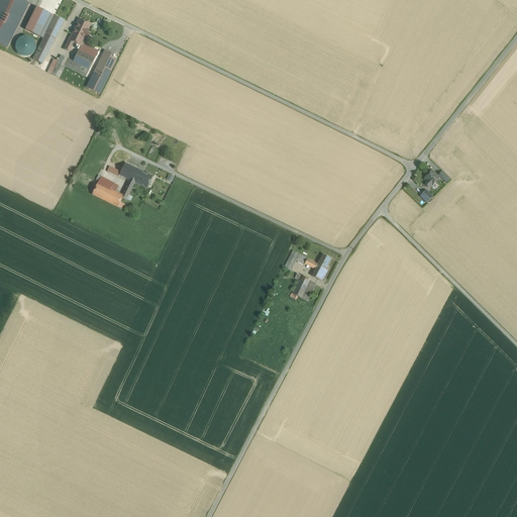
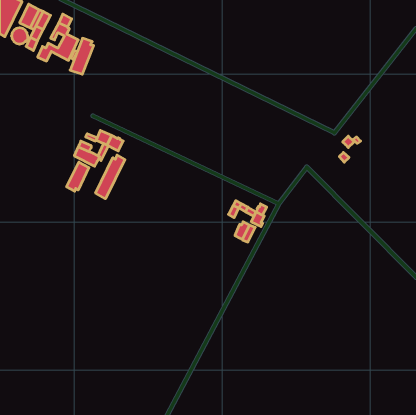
building: none -> [96,155,125,199]
building: none -> [67,162,89,191]

